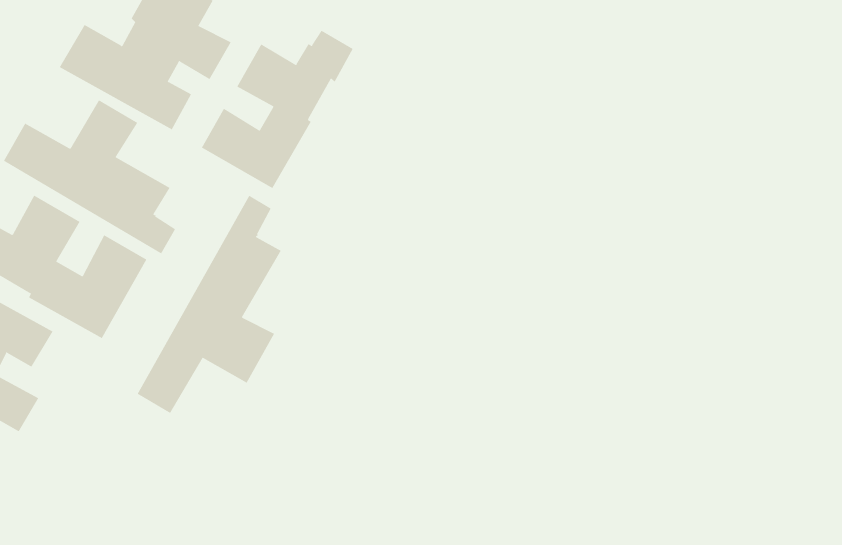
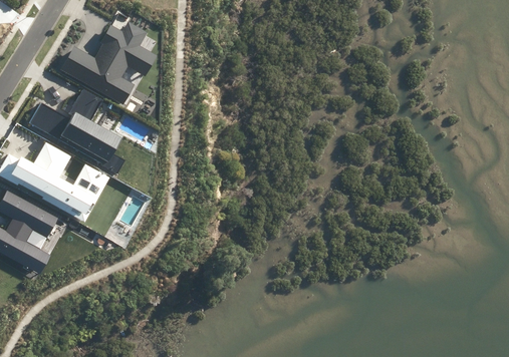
building: [201,30,353,189] -> none
building: [137,195,281,414] -> none

